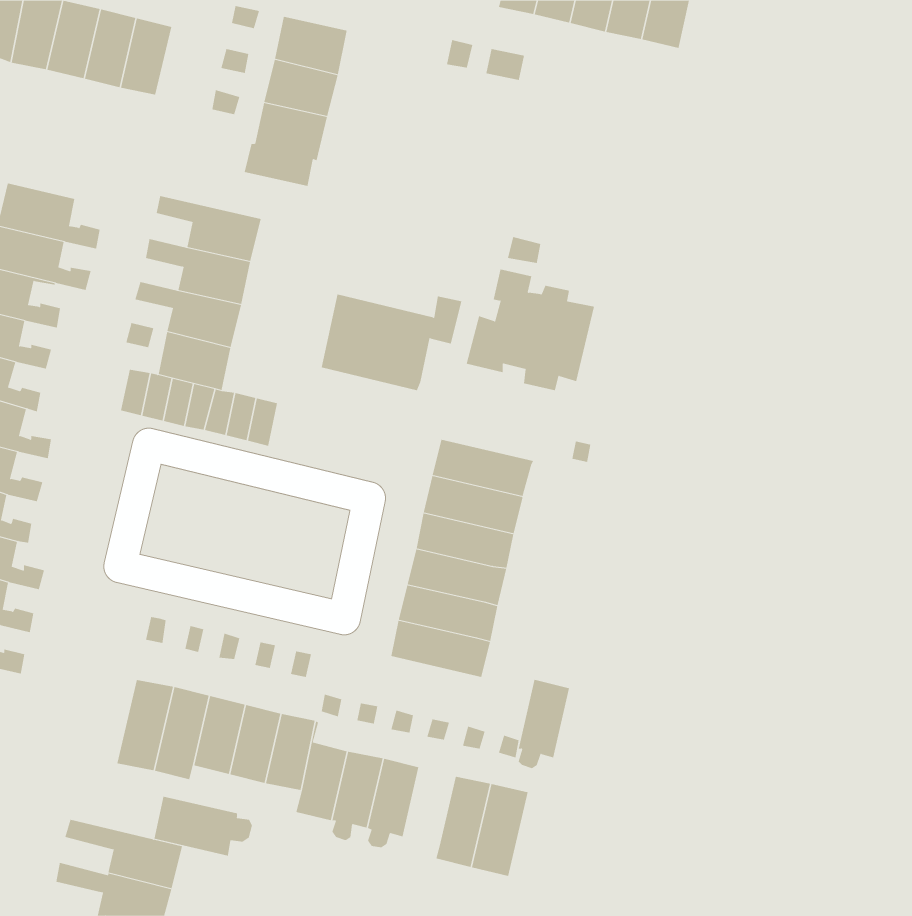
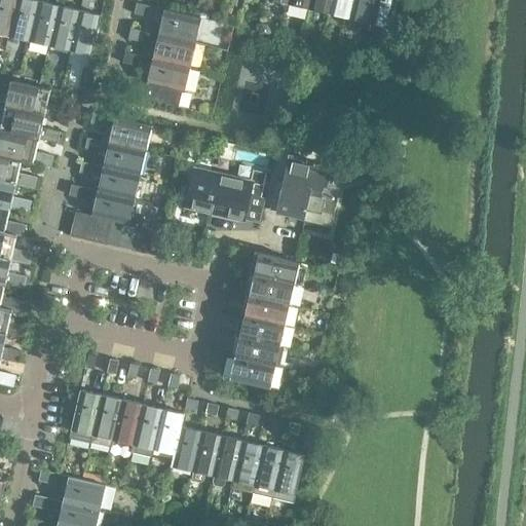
building: none -> [4,80,64,118]
building: [518,679,570,769] -> [231,440,261,491]
building: [154,796,253,856] -> none

